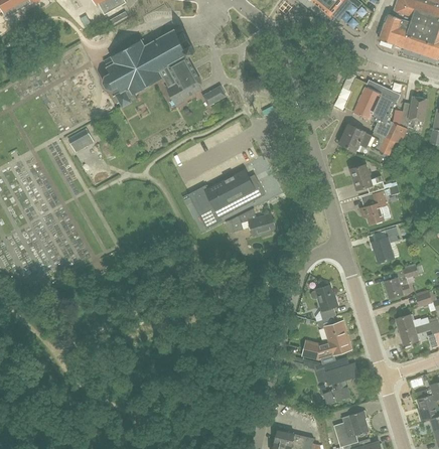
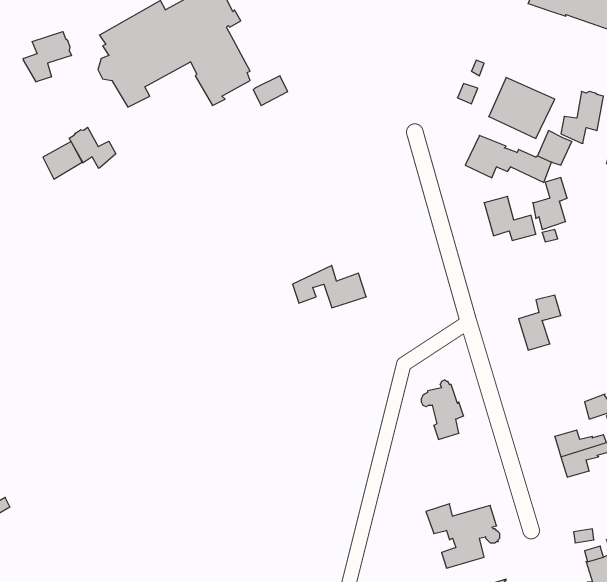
building: none -> [23,32,71,82]
building: none -> [69,127,116,168]
building: [187,169,265,229] -> none
building: [362,190,385,223] -> [533,178,567,229]
building: [384,264,423,297] -> none
building: [302,320,350,357] -> none

